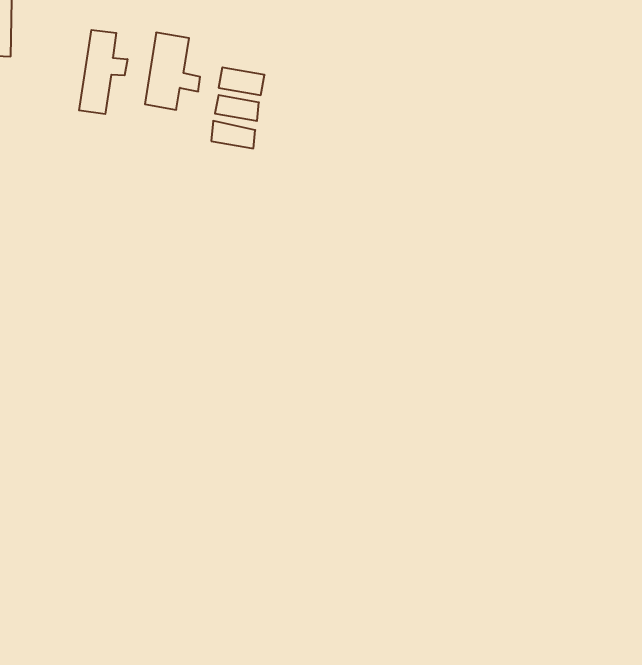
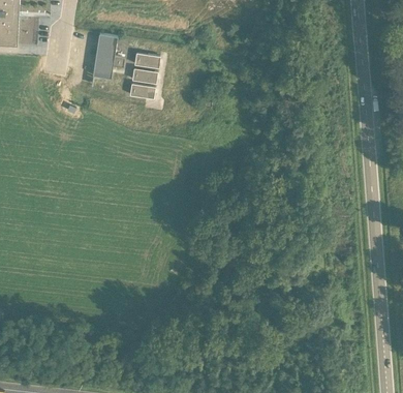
building: [79,30,127,114] -> none

